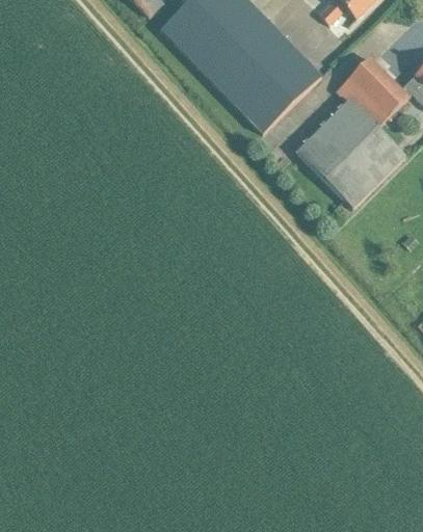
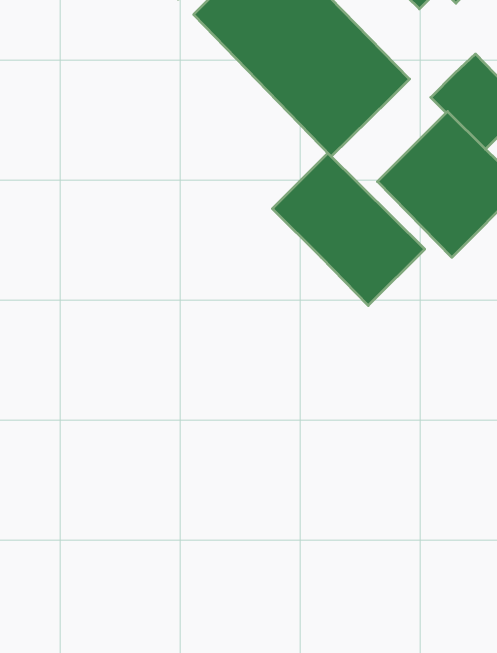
building: none -> [272,153,425,306]

